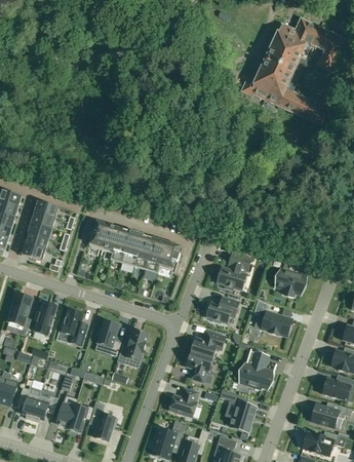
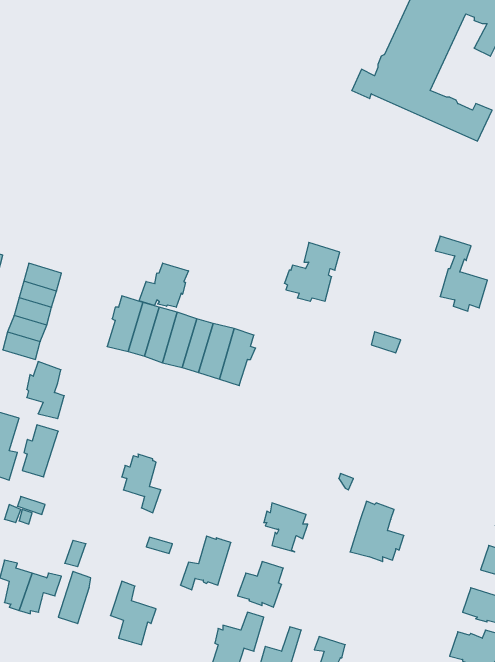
building: none -> [139,263,188,307]
building: [272,248,305,296] -> [435,236,487,311]
building: [215,253,250,290] -> [284,242,340,301]
building: [205,297,238,323] -> none
building: [61,309,84,345] -> [27,362,64,419]
building: [258,309,291,337] -> none
building: [116,330,148,363] -> [180,536,231,590]
building: [190,331,224,358] -> none
building: [219,389,254,431] -> none
building: [68,405,93,431] -> none

